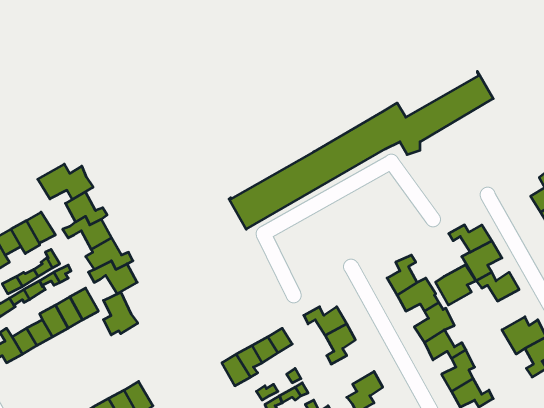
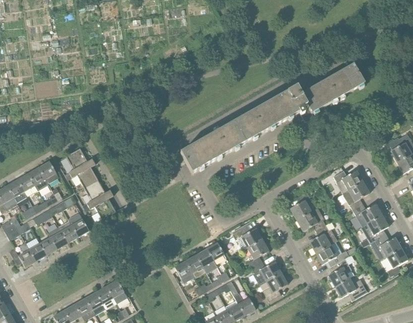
building: [38,164,93,200] -> none
building: [436,265,476,305] -> [361,215,389,243]
building: [103,292,138,335] -> none
building: none -> [251,260,281,284]

